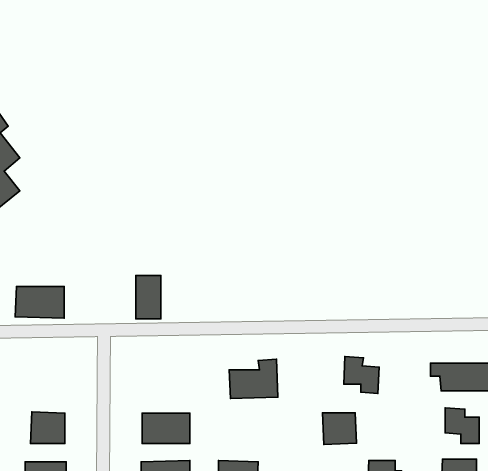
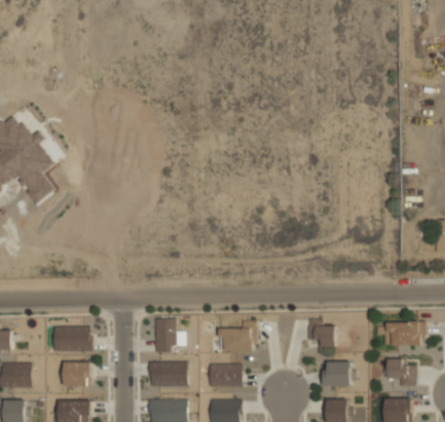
building: [136,276,161,319] -> [155,318,175,352]
building: [15,287,64,318] -> [52,327,90,351]
building: [322,413,357,444] -> [324,361,350,386]
building: none -> [208,363,242,386]

